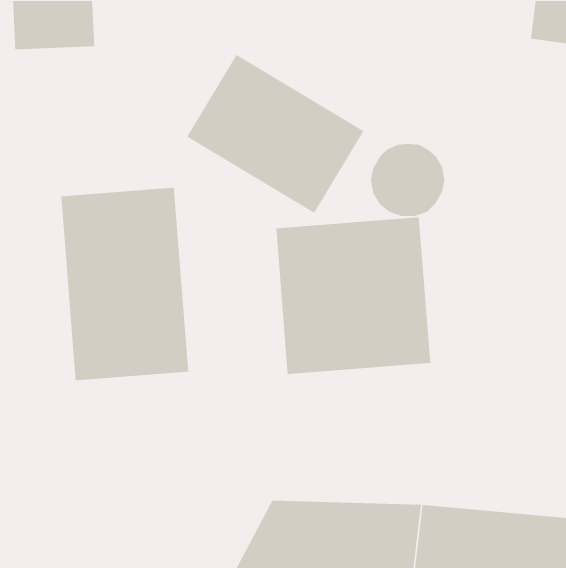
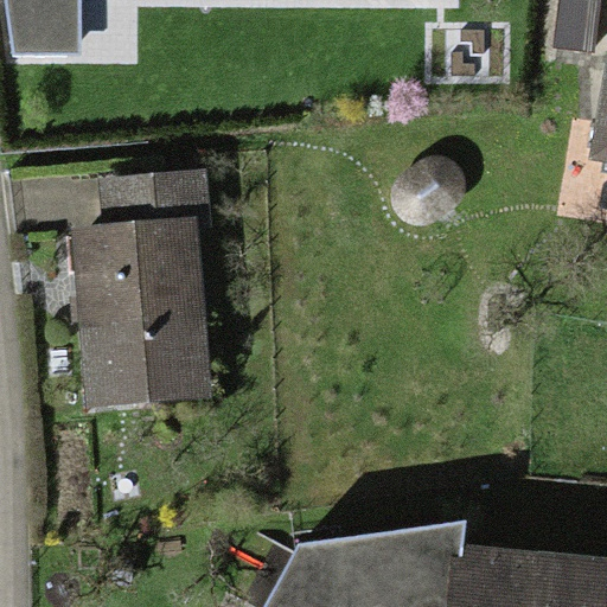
building: [186,54,364,214] -> none
building: [275,217,431,375] -> none

